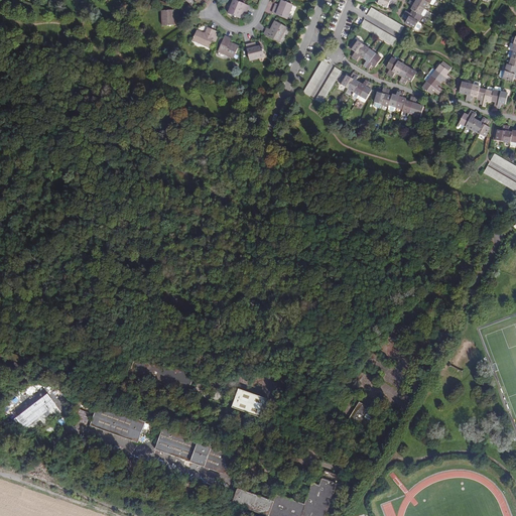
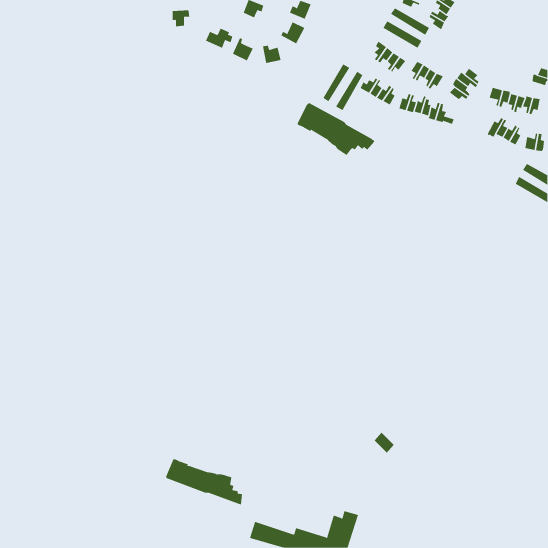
building: none -> [297,102,376,156]
building: [232,388,268,417] -> none
building: [15,393,60,434] -> none
building: [90,407,144,441] -> none

